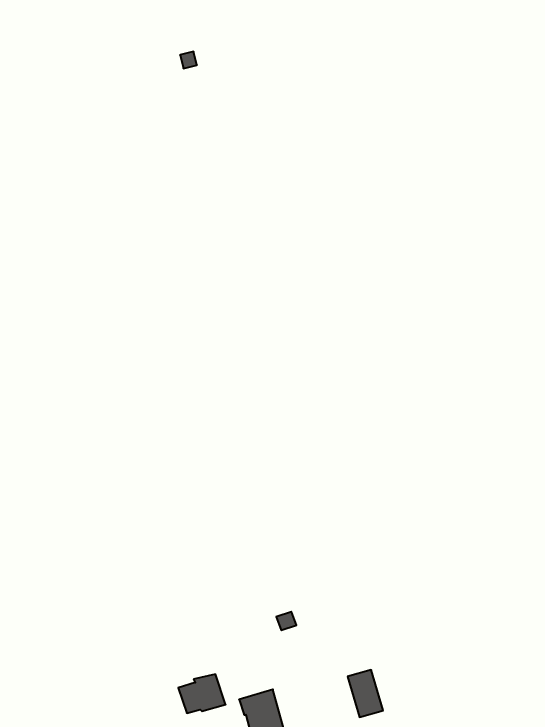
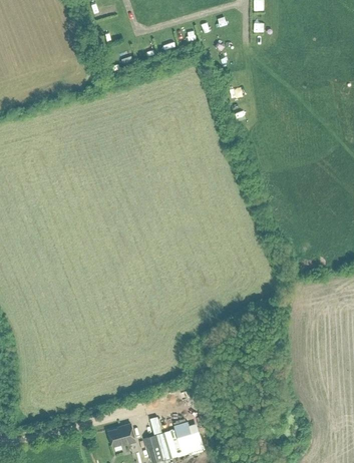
building: [348,670,383,717] -> [173,423,195,451]

